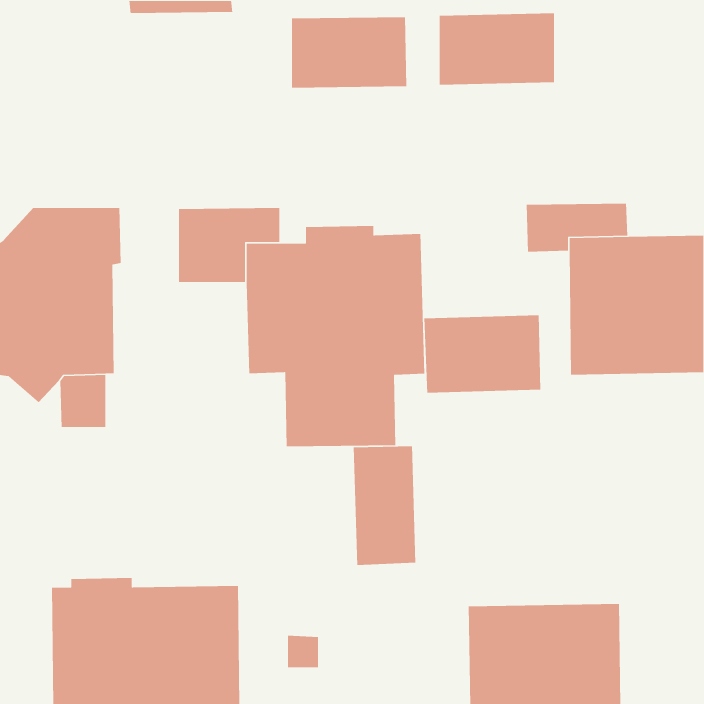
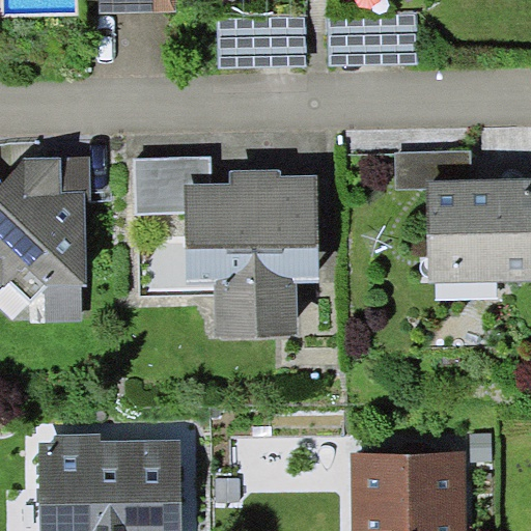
building: [424,314,541,394] -> none
building: [353,446,416,566] -> none

